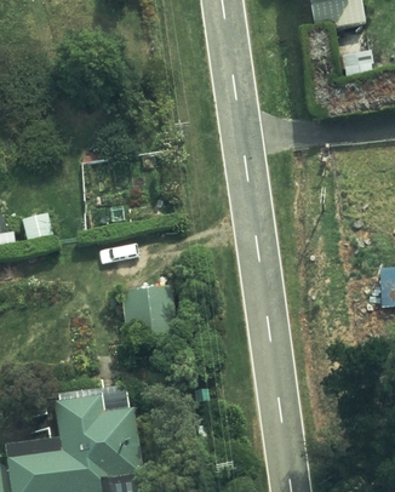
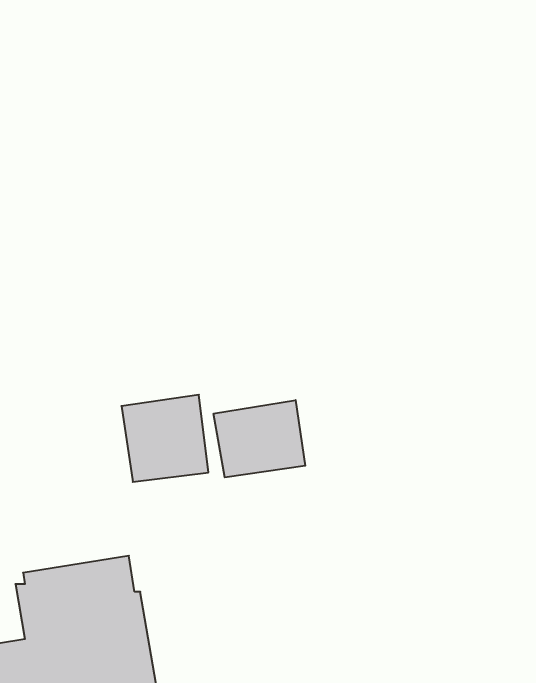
building: none -> [214,400,305,477]

